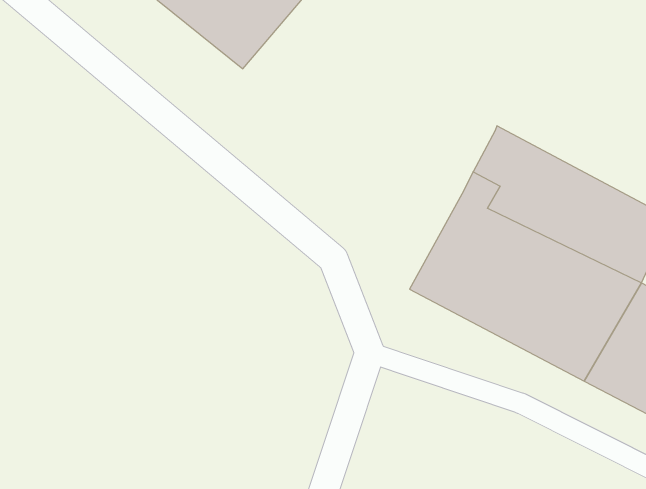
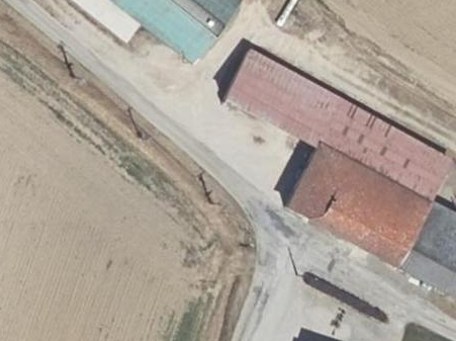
building: none -> [234,59,352,149]

